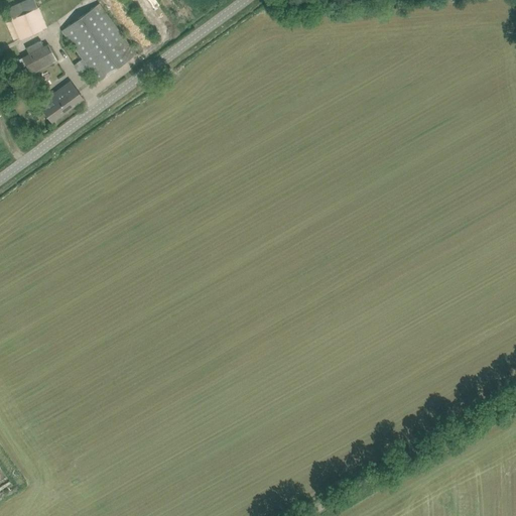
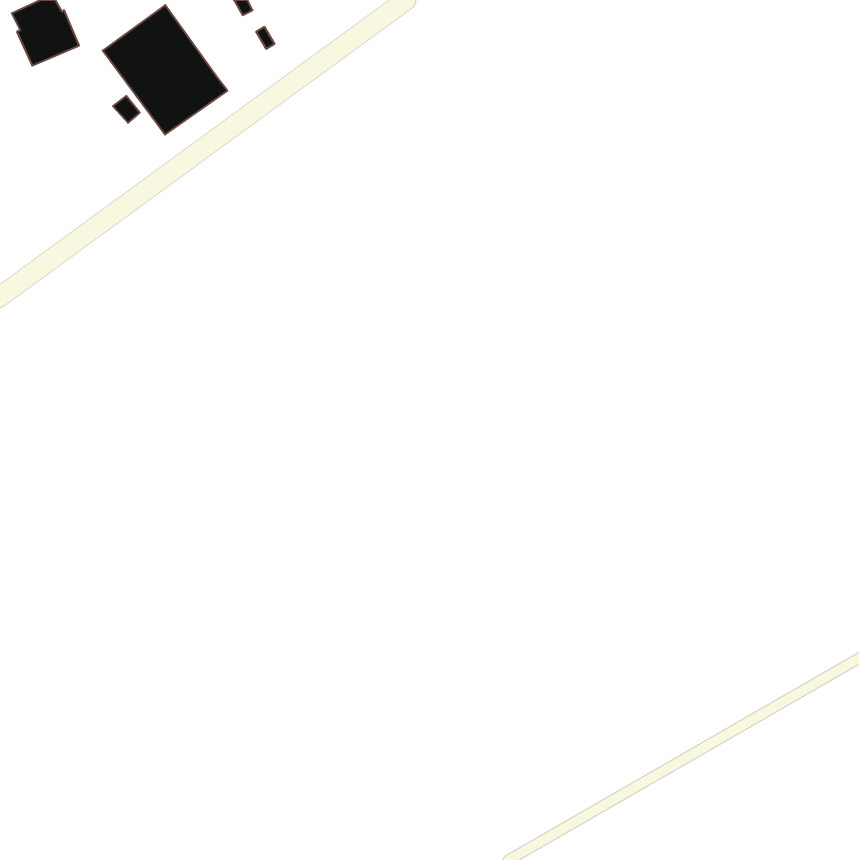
building: [13,40,57,75] -> none
building: [38,82,83,122] -> none

